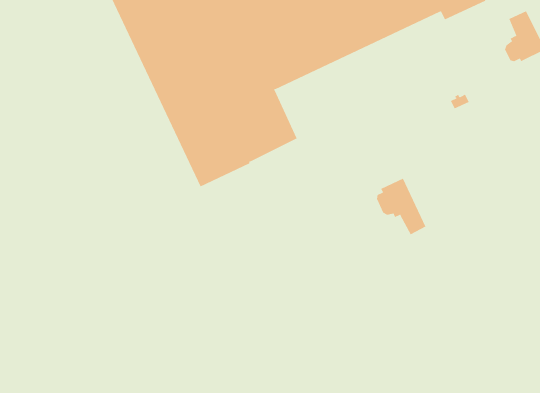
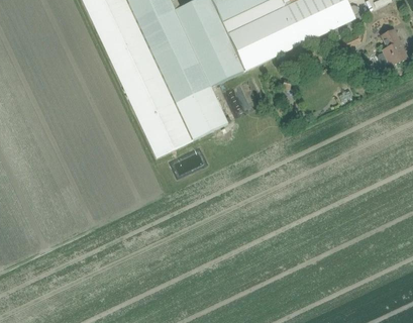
building: [376,178,426,235] -> none

